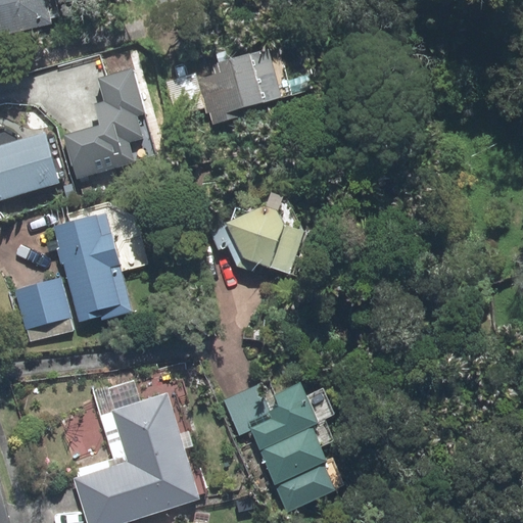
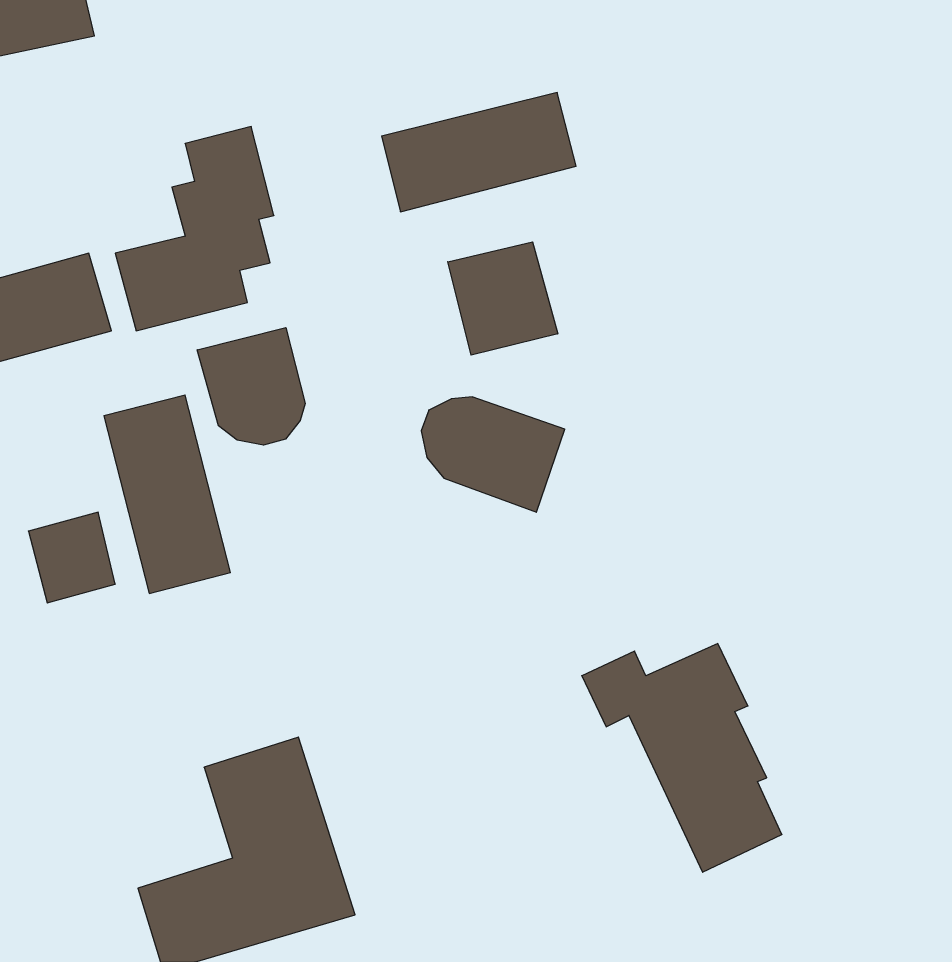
building: none -> [448,242,558,355]
building: none -> [197,328,305,445]
building: [224,382,332,506] -> [582,644,782,872]

